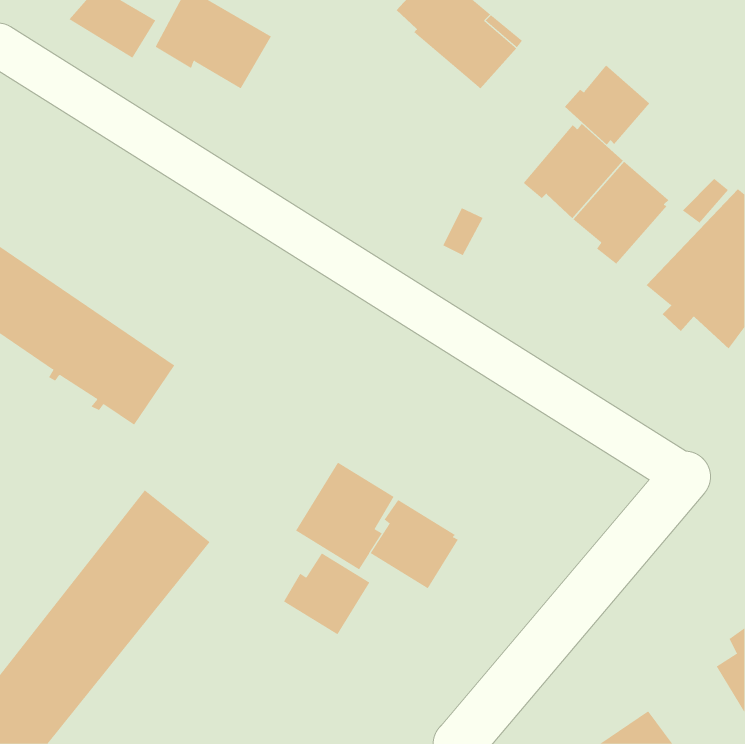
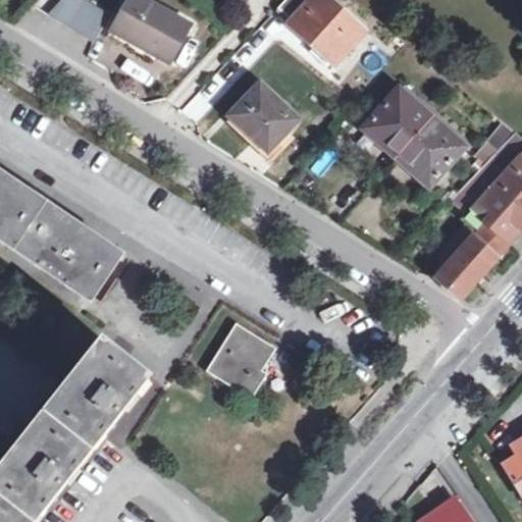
building: [564,65,650,146] -> none
building: none -> [231,79,298,149]
building: none -> [437,221,509,298]
building: [370,499,459,589] -> none
building: [283,552,370,635] -> none

